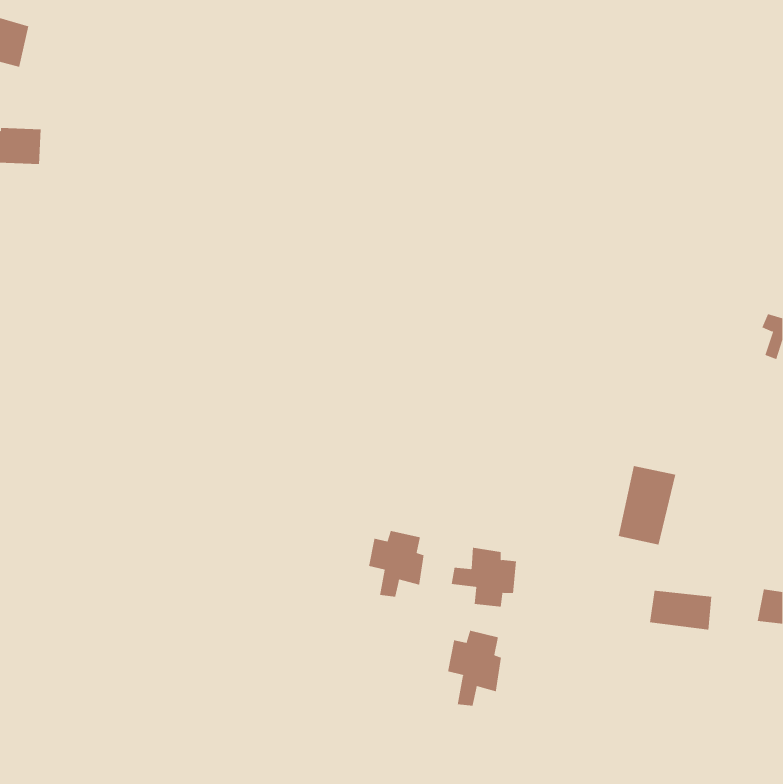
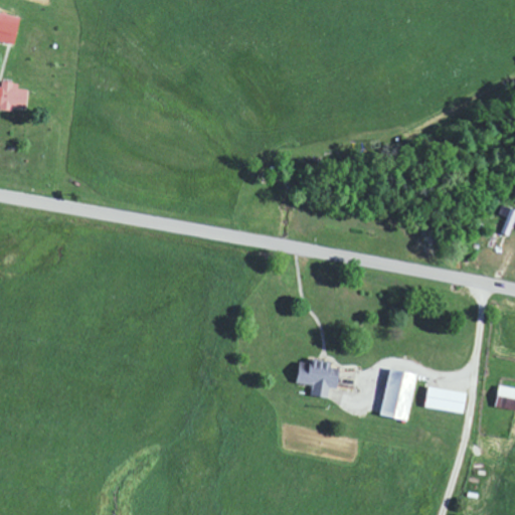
building: [618,465,676,545] -> [379,368,417,420]
building: [368,530,424,598] -> none
building: [448,630,502,707] -> none

